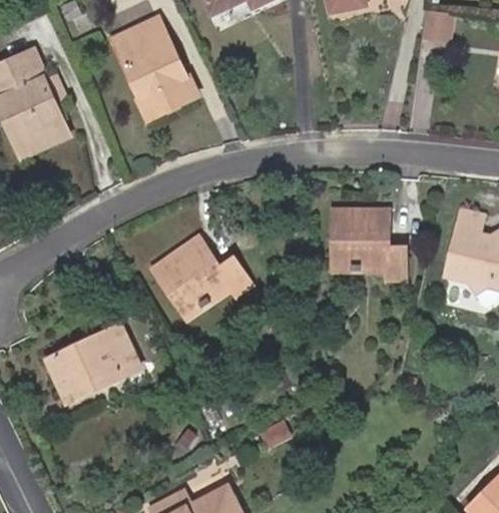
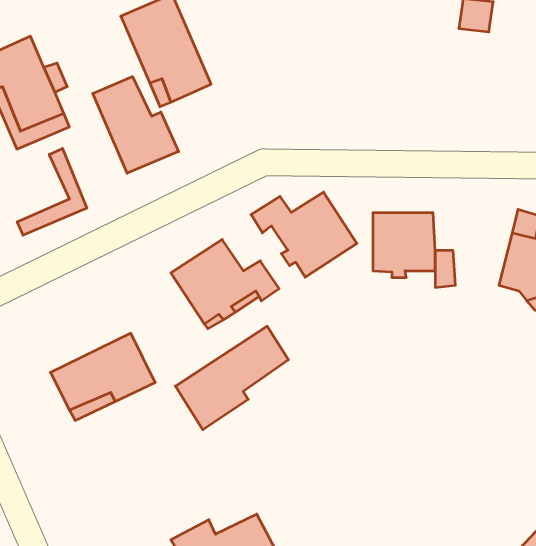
building: none -> [93,77,179,173]
building: none -> [17,148,87,235]
building: none -> [251,192,357,277]
building: none -> [175,326,288,430]

